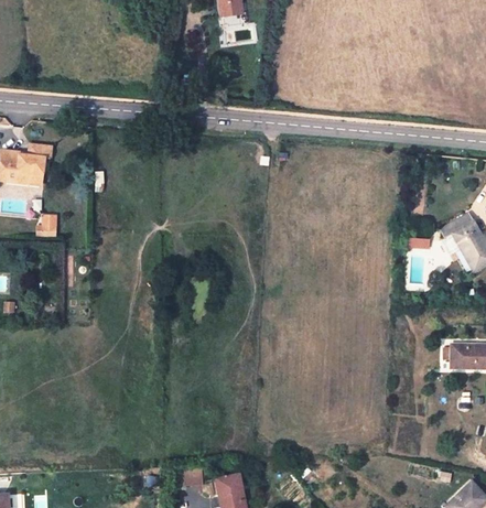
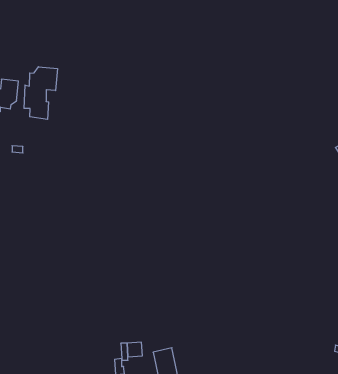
building: none -> [24,67,57,119]

